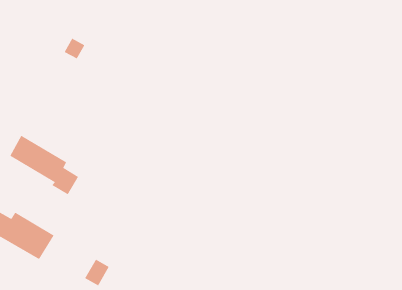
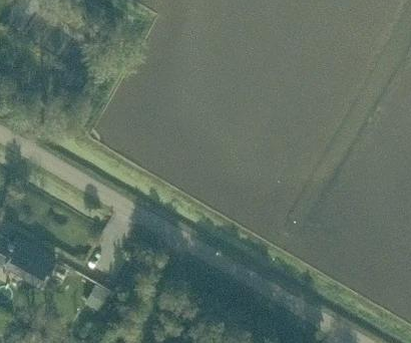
building: [10,135,79,195] -> none

